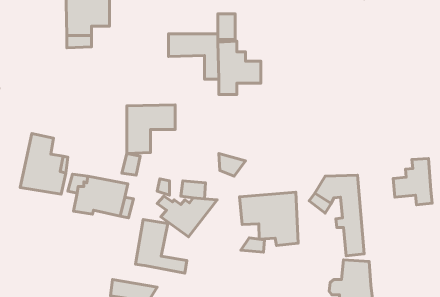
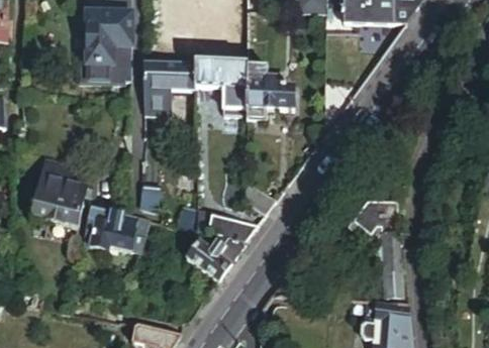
building: [127,105,175,153] -> [142,61,194,112]
building: [393,159,432,205] -> none
building: [240,192,298,245] -> none
building: [136,219,187,273] -> none

